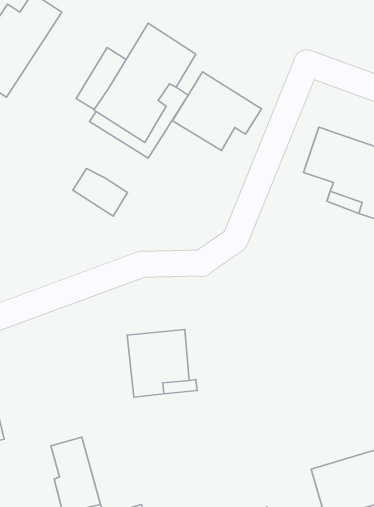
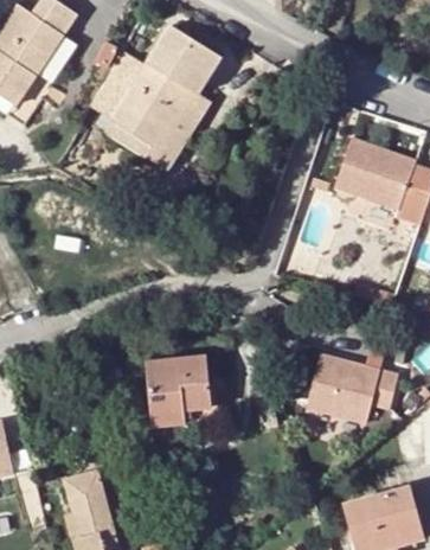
building: [172,72,262,151] -> none
building: [73,168,128,216] -> none
building: none -> [306,352,398,420]

